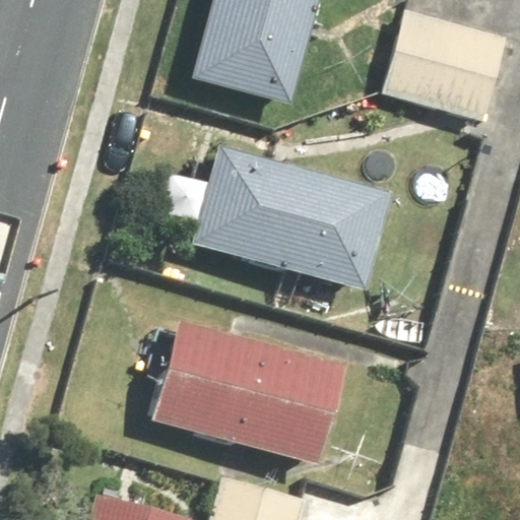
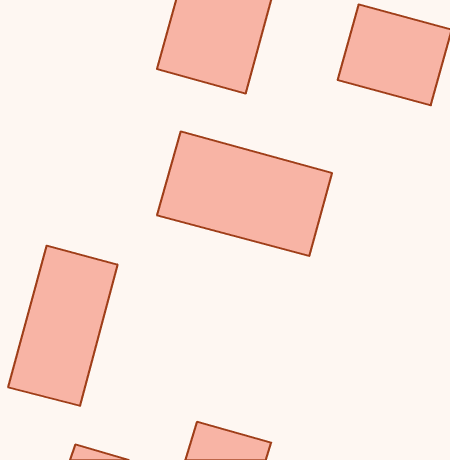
building: none -> [8,246,117,406]
building: [152,320,342,460] -> none

